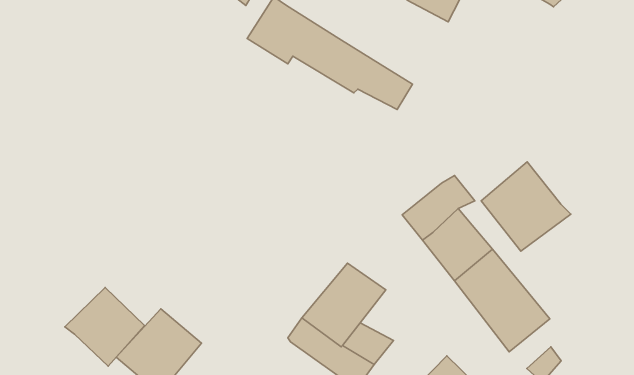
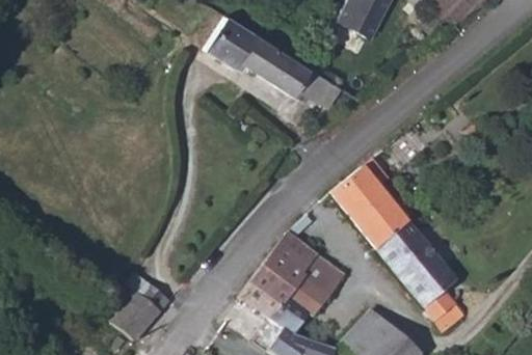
building: [481,162,571,251] -> none
building: [65,288,144,366] -> none
building: none -> [300,255,346,297]

